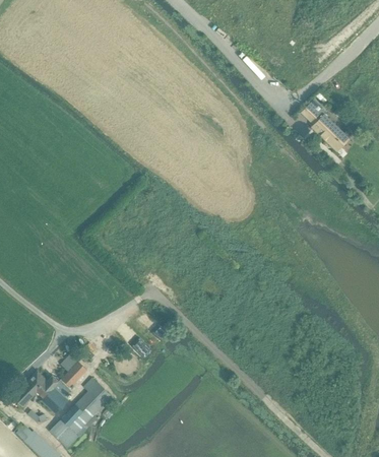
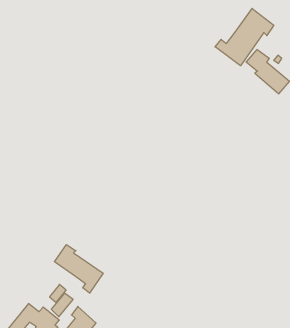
building: none -> [215,8,274,66]
building: none -> [54,245,103,293]

